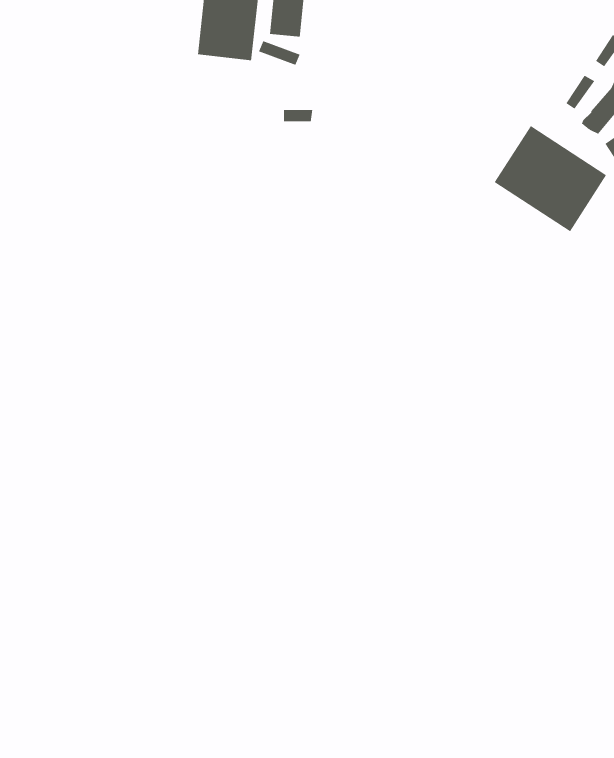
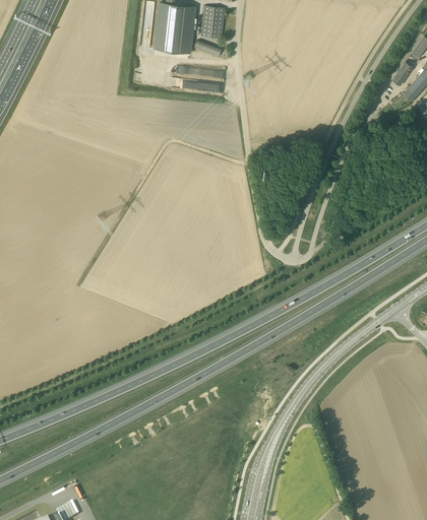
building: [494,125,607,232] -> none

